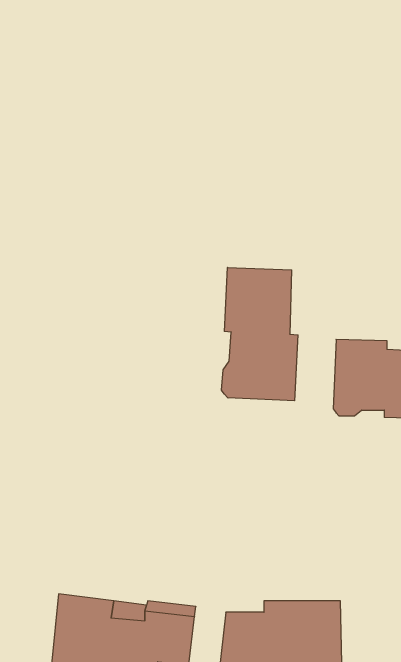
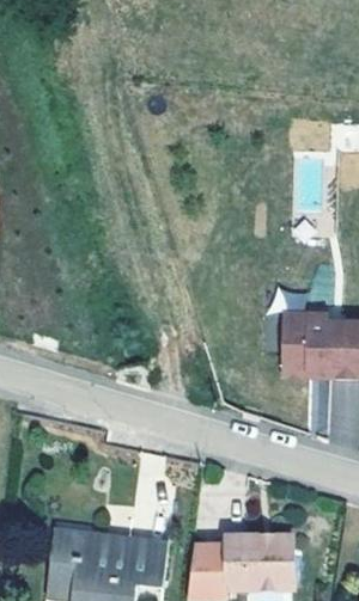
building: [222,267,298,401] -> none

